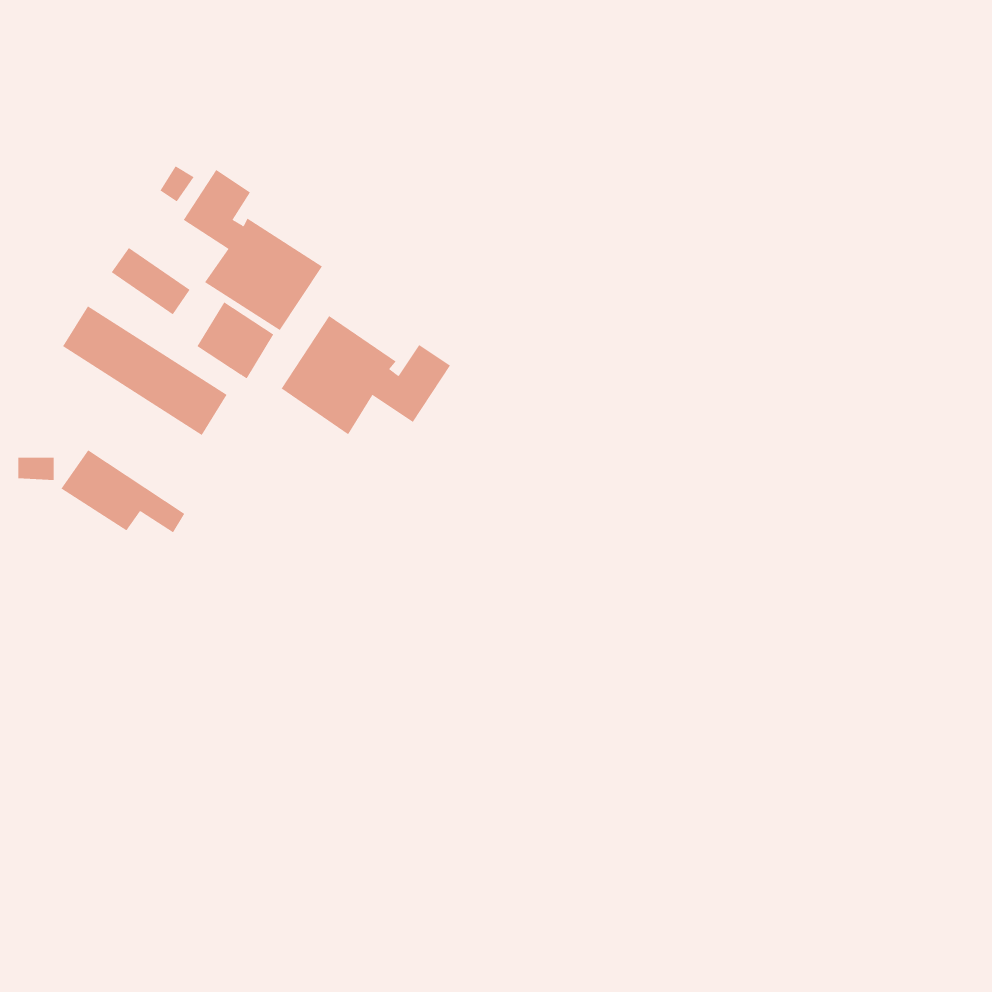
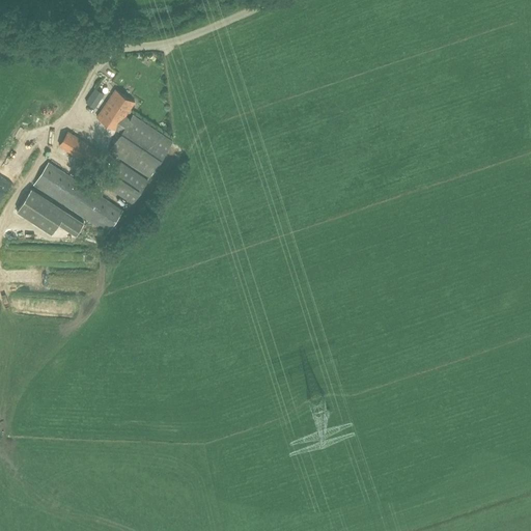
building: [281,315,451,435] -> none
building: [61,450,185,533] -> [16,190,82,234]

